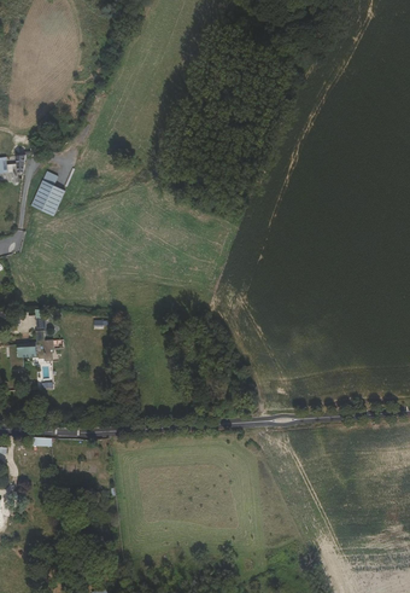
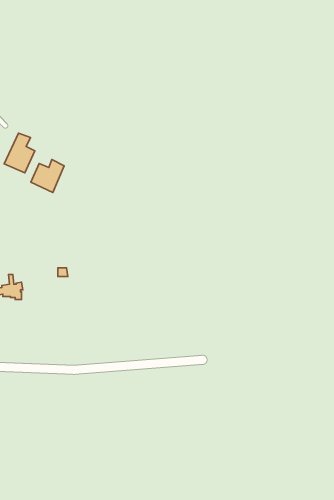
building: none -> [31,160,64,192]

